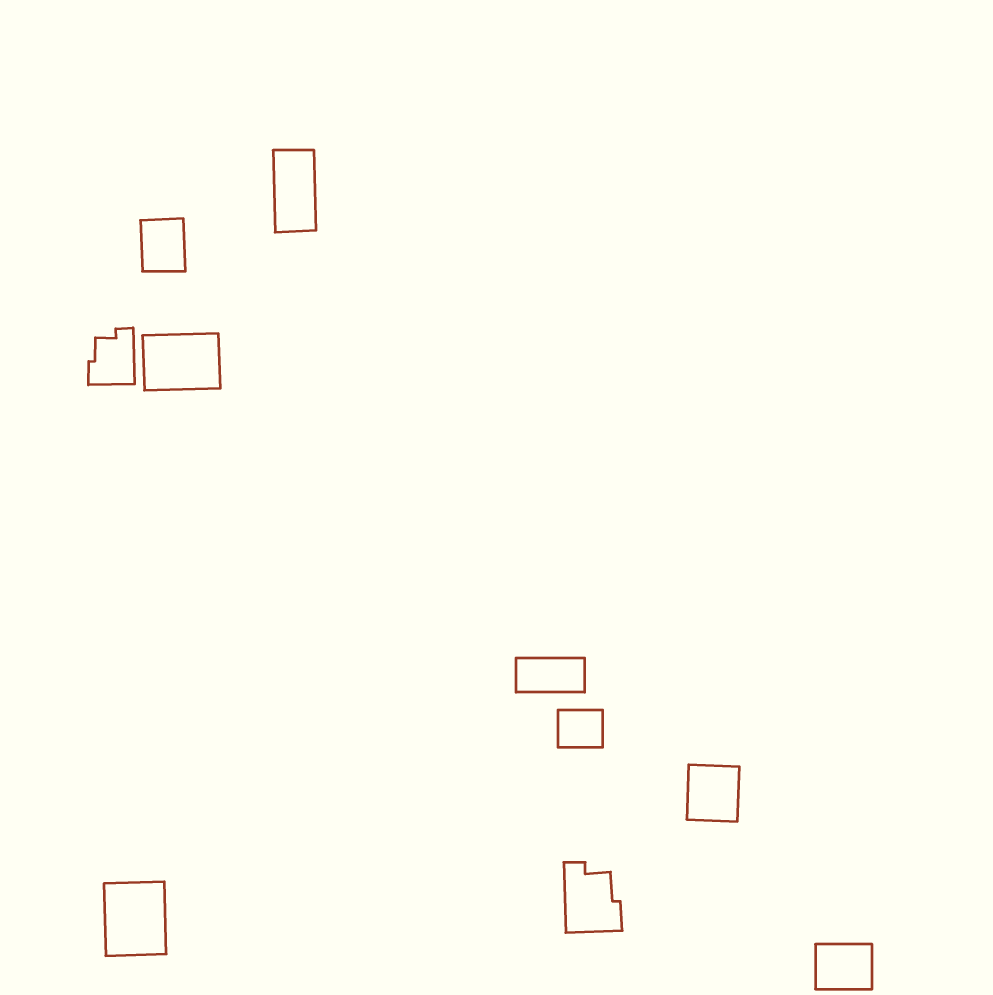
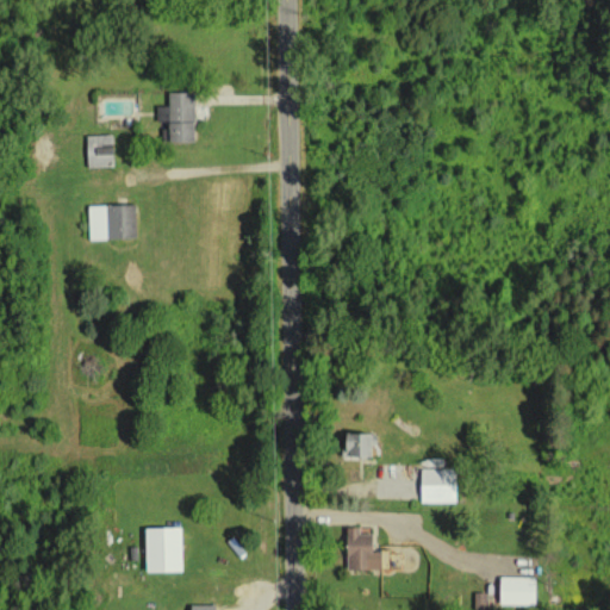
building: [88,328,135,385] -> none
building: [516,658,585,692] -> none
building: [104,882,166,956] -> [145,528,183,573]

